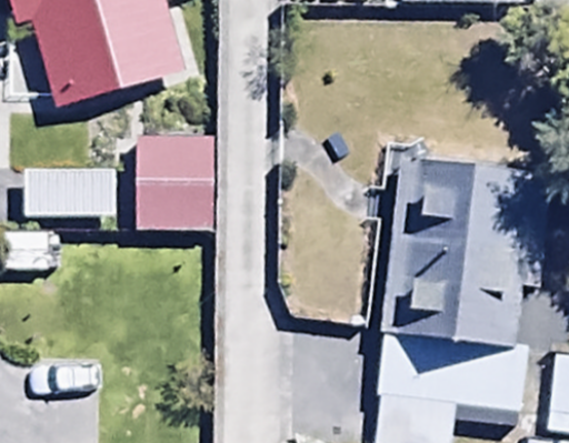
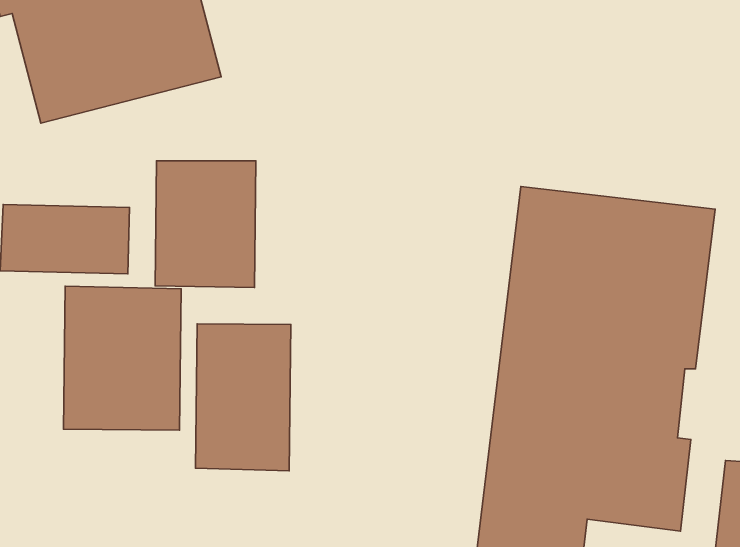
building: none -> [64,286,181,430]
building: none -> [196,324,291,471]

